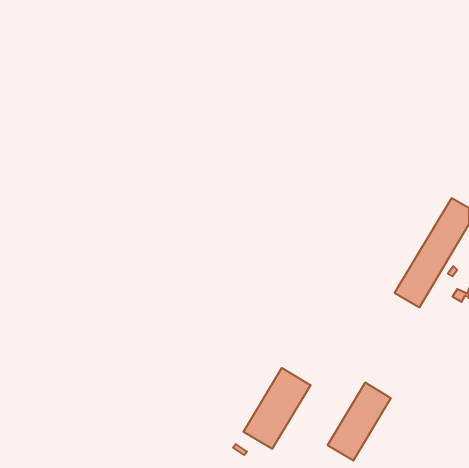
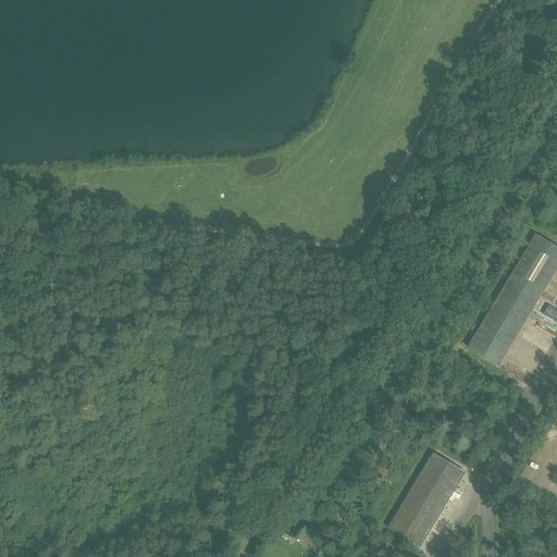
building: [243,368,311,449] -> none

